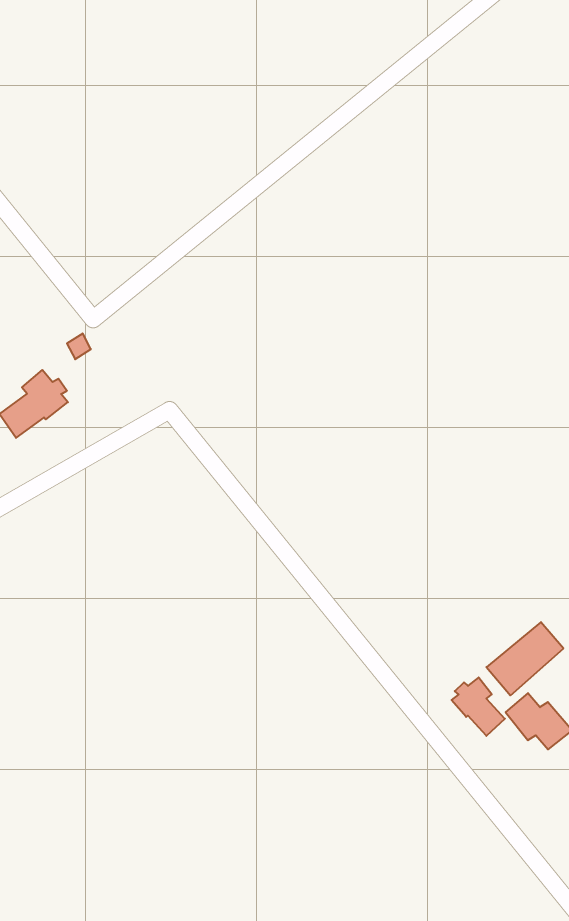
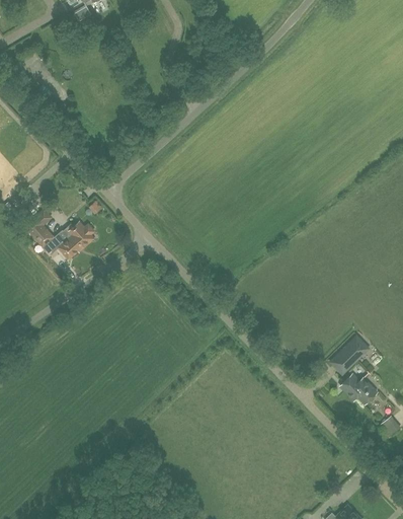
building: [452,677,505,736] -> none

